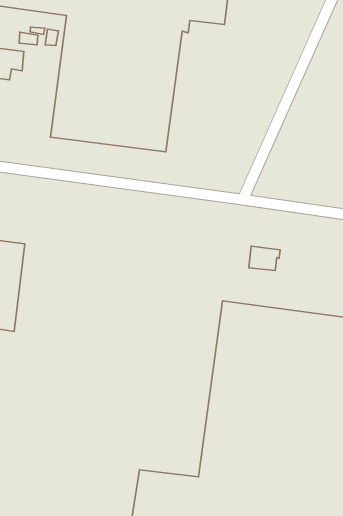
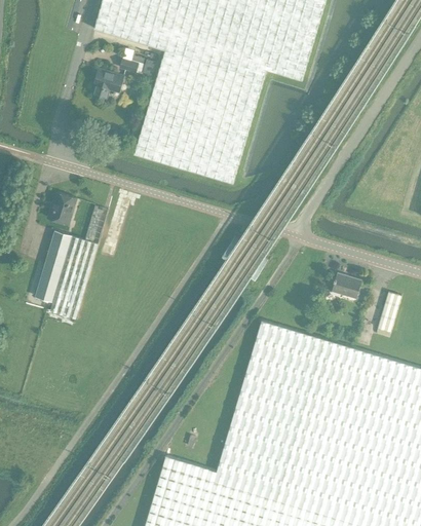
building: [249,246,280,271] -> [332,273,361,298]

